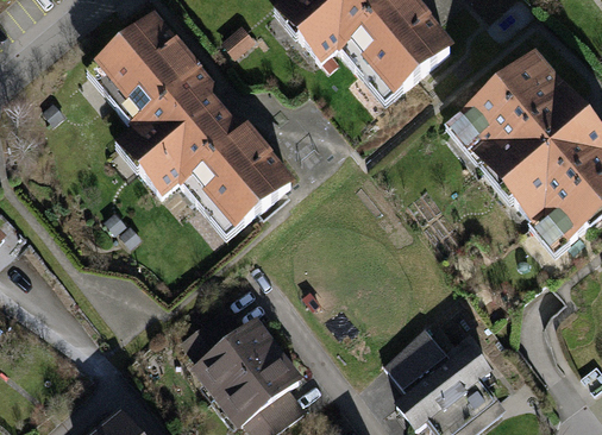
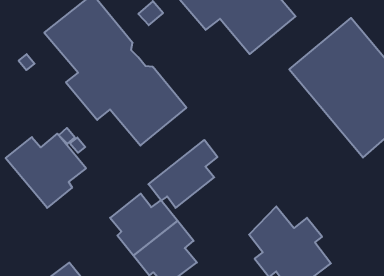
building: none -> [6,134,86,208]
building: none -> [148,140,217,208]

